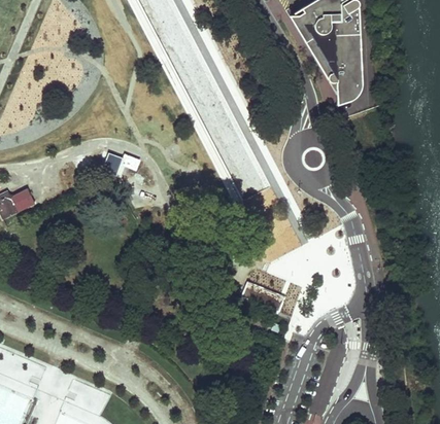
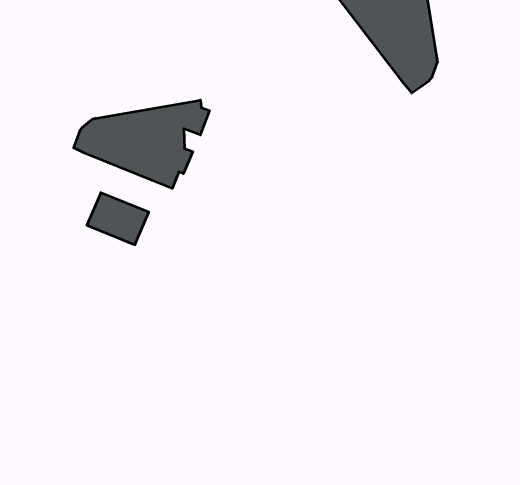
building: none -> [74,100,209,188]

